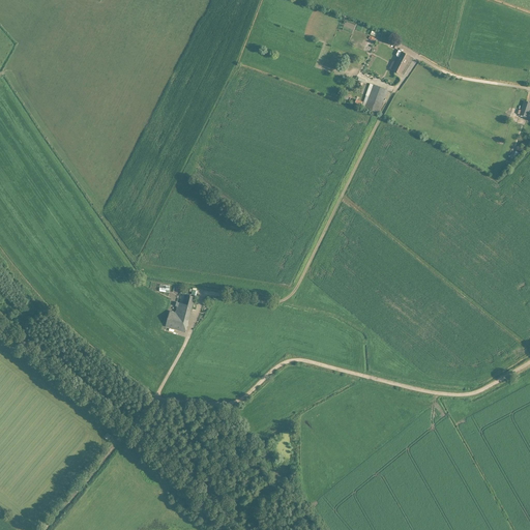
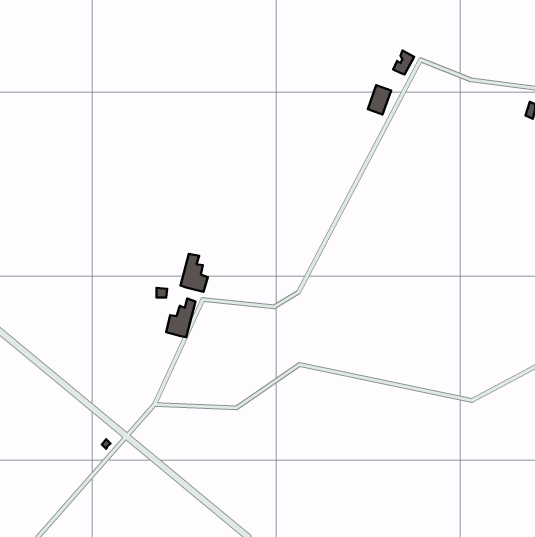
building: none -> [180,254,208,292]

